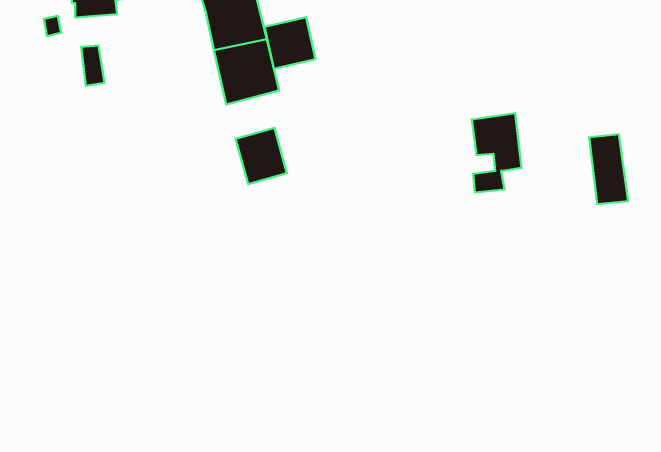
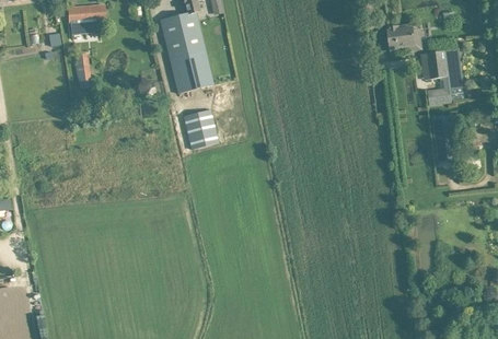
building: none -> [386,24,419,51]
building: [264,17,316,69] -> none
building: [472,113,522,193] -> [427,47,462,103]

